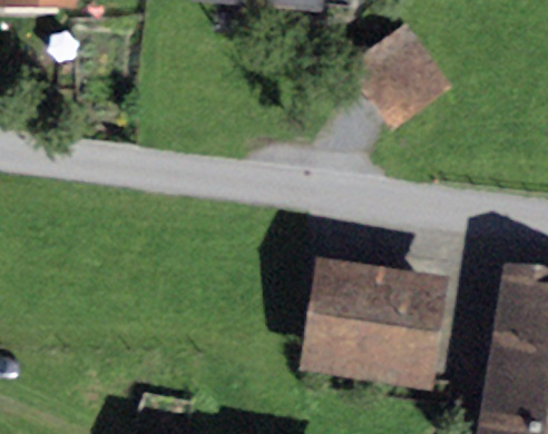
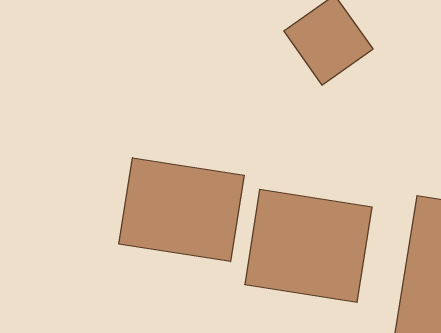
building: none -> [119,158,244,262]

